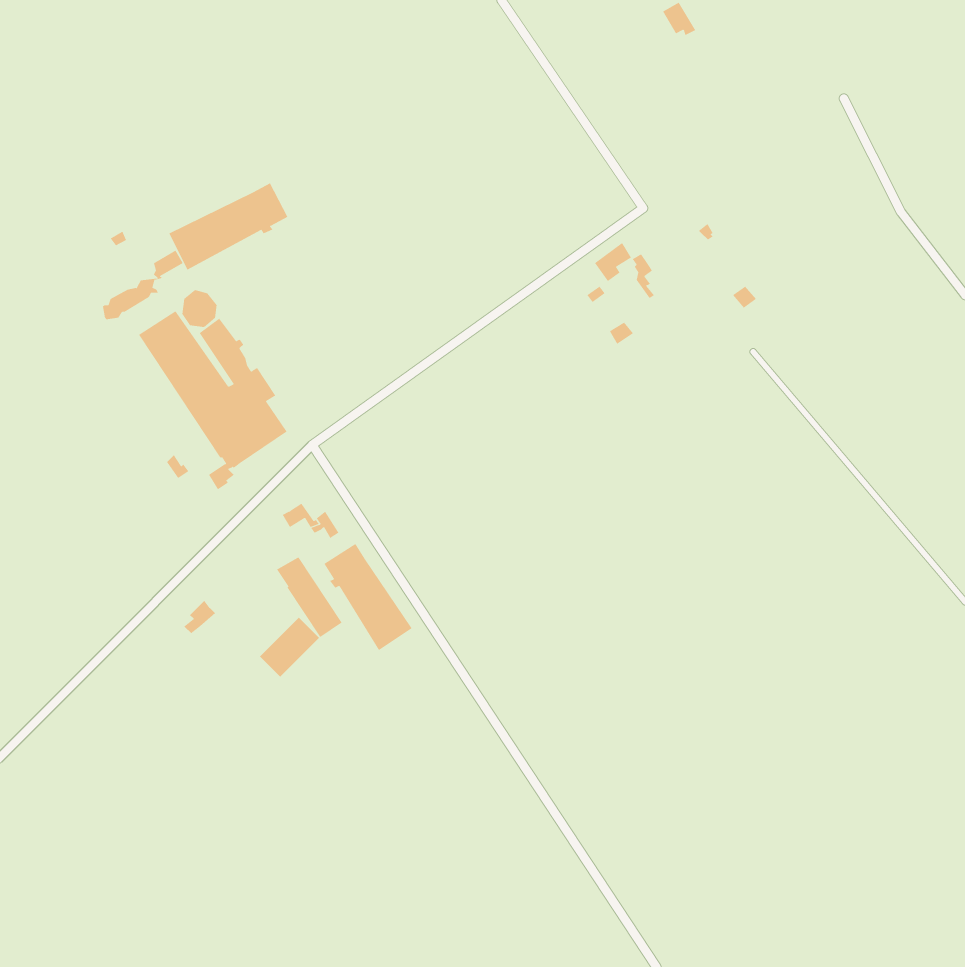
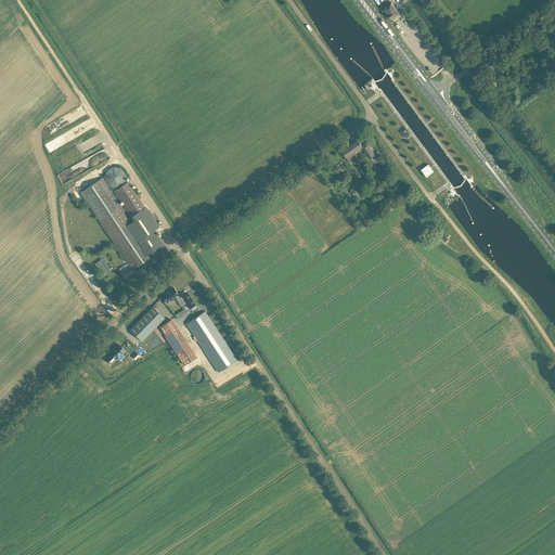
building: [169,182,288,270] -> none
building: [259,617,320,677] -> [129,307,164,341]

